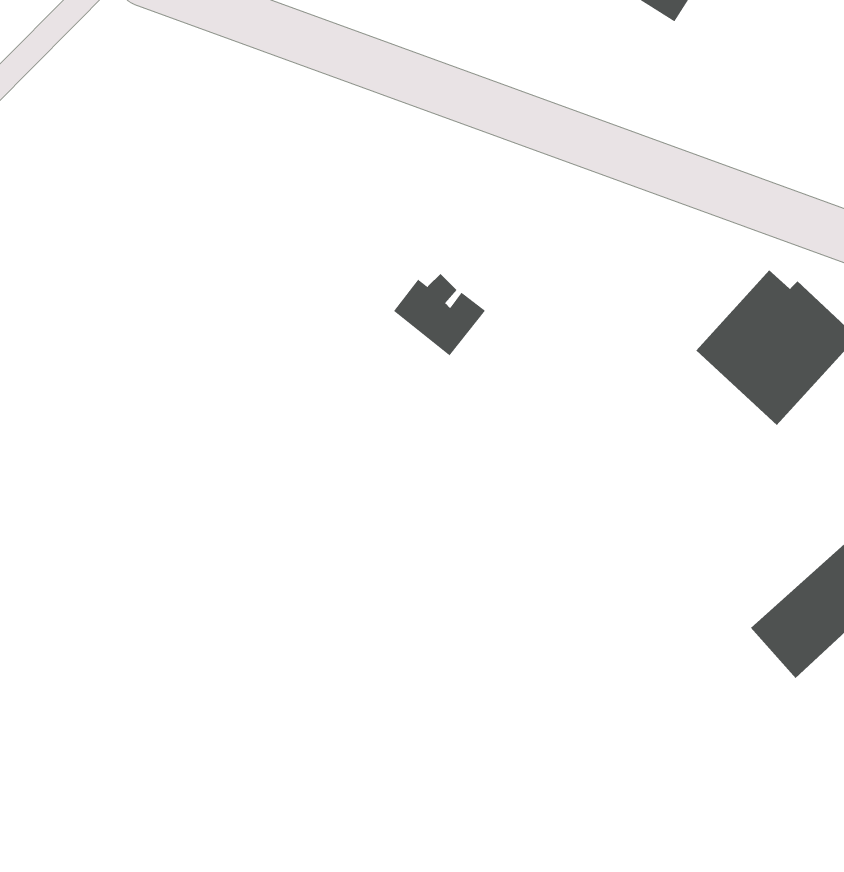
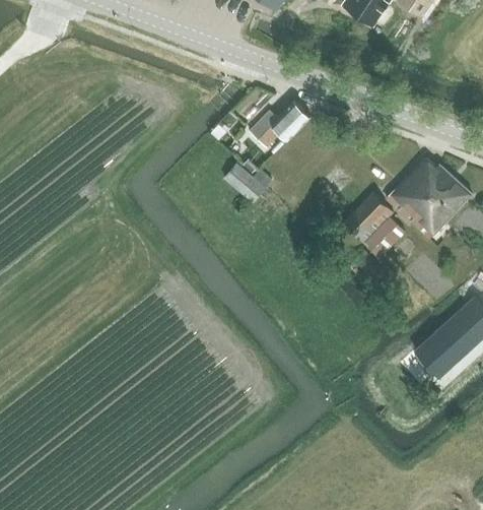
building: none -> [249,101,310,148]
building: none -> [342,193,406,260]

